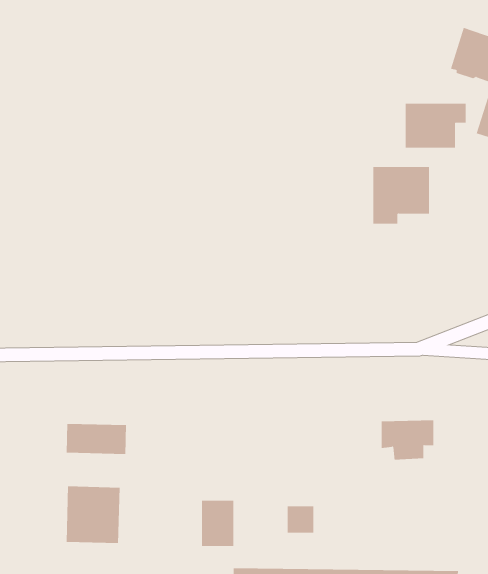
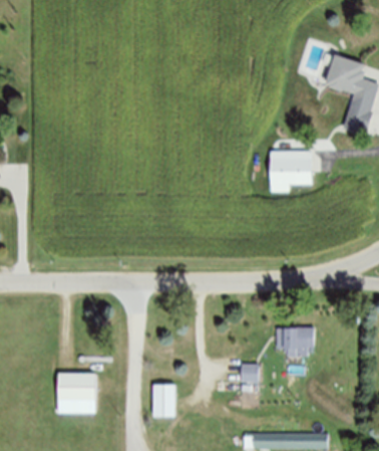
building: [405,103,466,148] -> none
building: [66,423,126,455] -> none
building: [287,506,314,533] -> [240,364,259,383]

